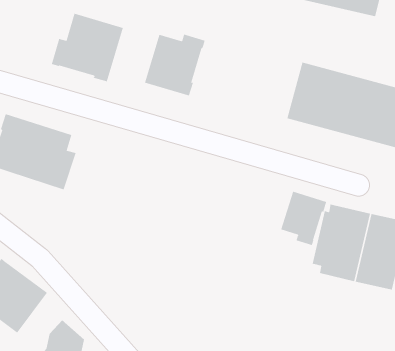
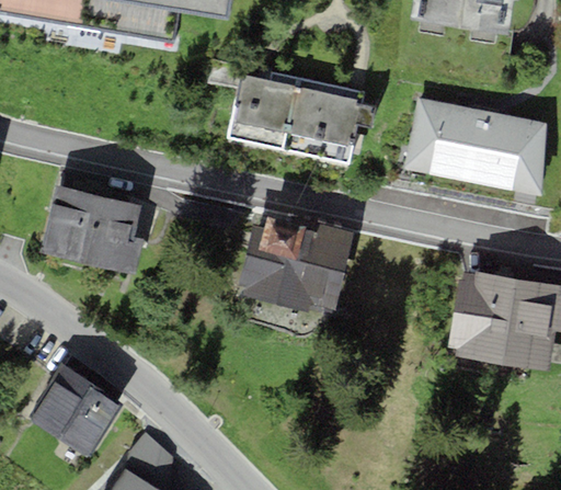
building: [51,13,123,82] -> none
building: none -> [282,78,374,163]
building: none -> [237,214,352,316]
building: [281,191,327,246] -> none

